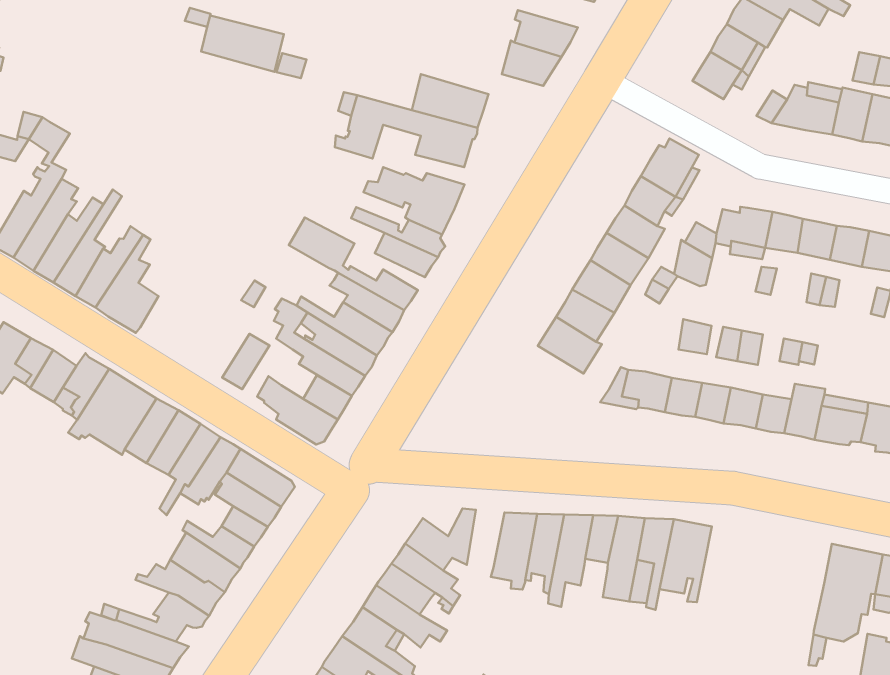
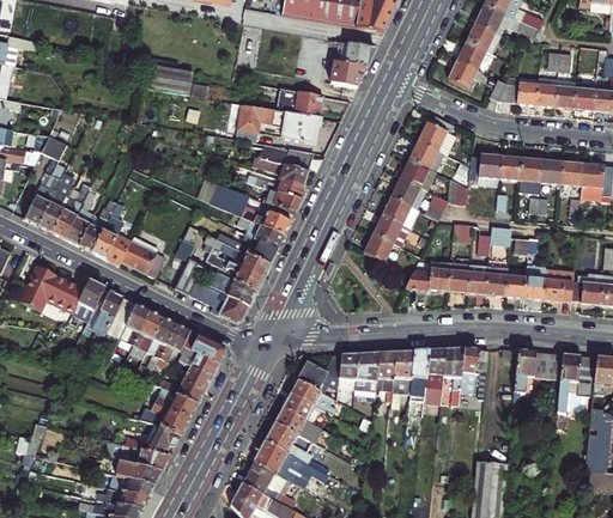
building: none -> [120,237,163,279]
building: none -> [335,355,357,404]
building: none -> [511,351,562,407]

